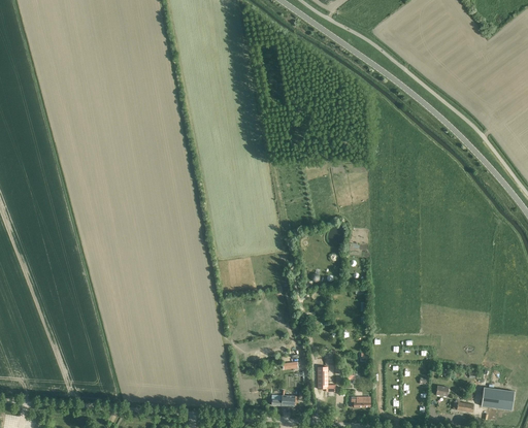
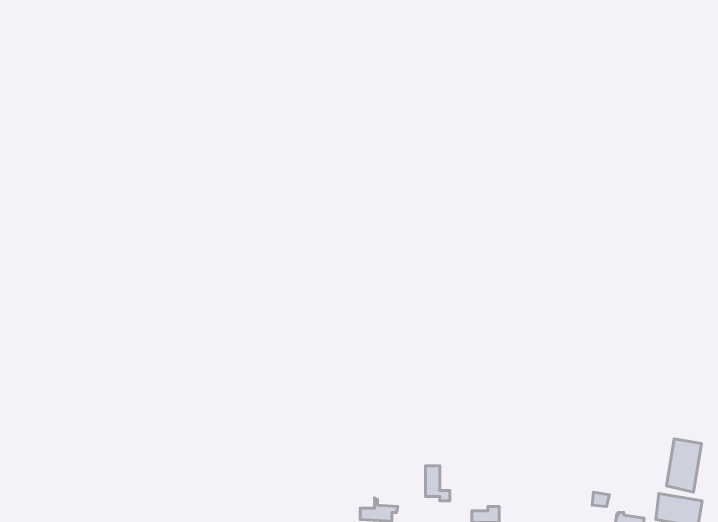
building: none -> [667,439,702,492]

